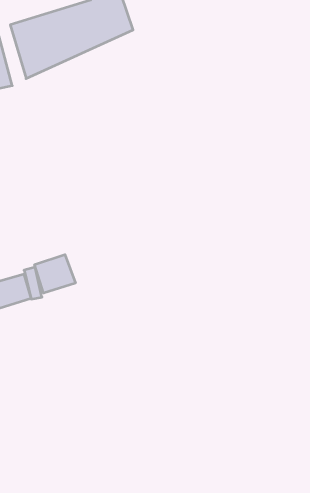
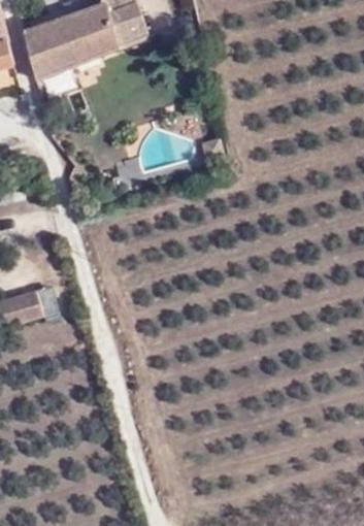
building: [35,255,75,293] -> none

